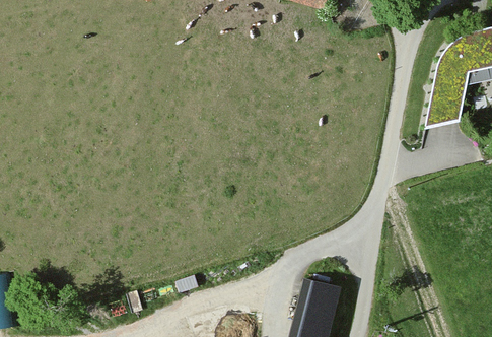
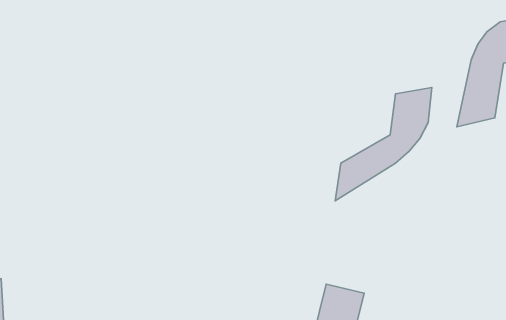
building: none -> [335,88,432,201]

